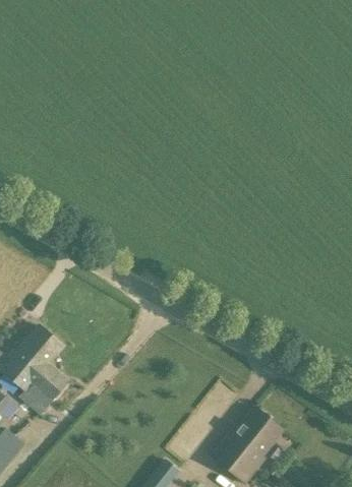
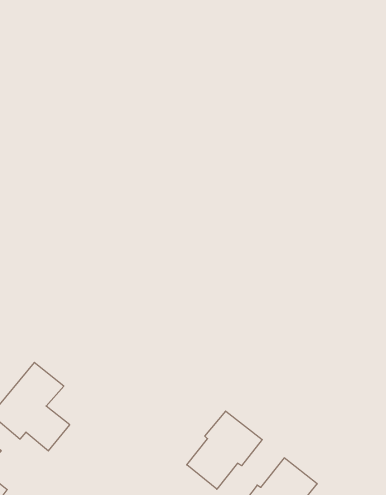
building: none -> [187,411,262,489]

